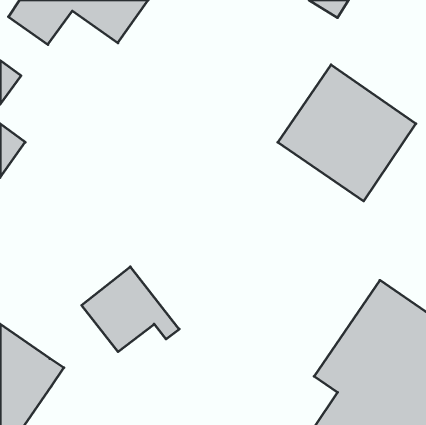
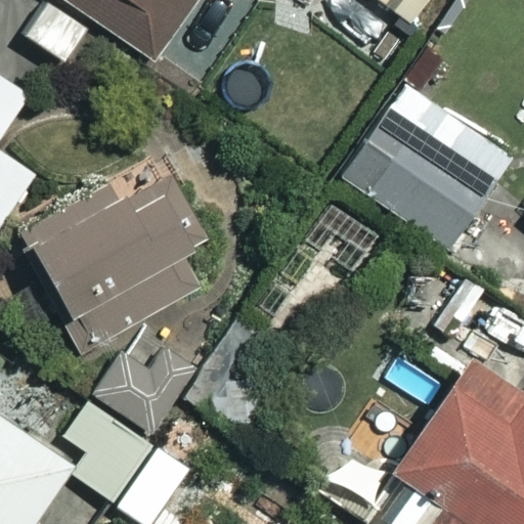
building: none -> [21,159,212,348]
building: none -> [66,400,167,514]

